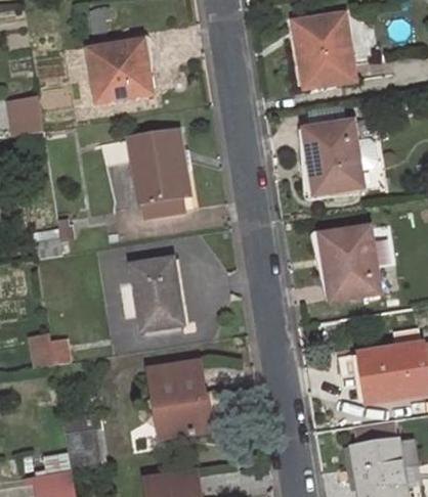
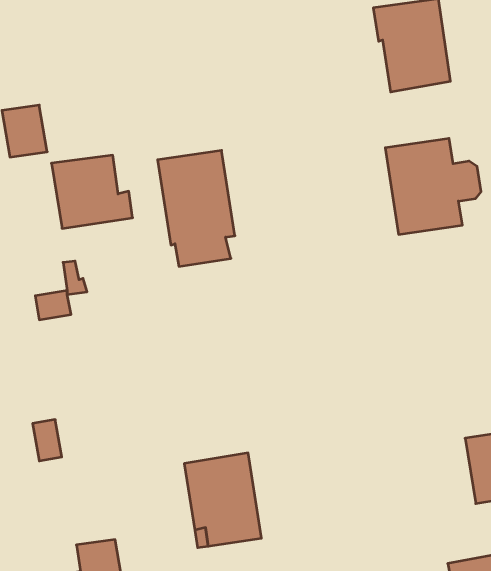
building: [88,44,151,100] -> [51,155,133,228]
building: [319,226,380,302] -> none
building: [130,258,182,330] -> none

